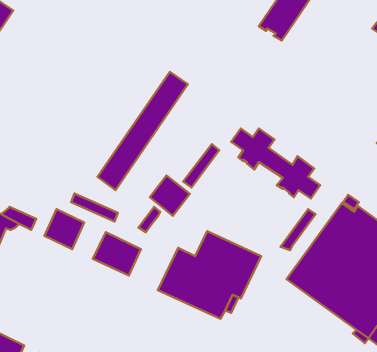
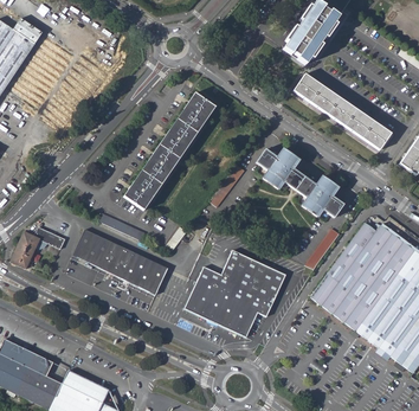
building: none -> [295,73,392,149]
building: [150,175,190,216] -> none
building: none -> [101,242,134,277]

